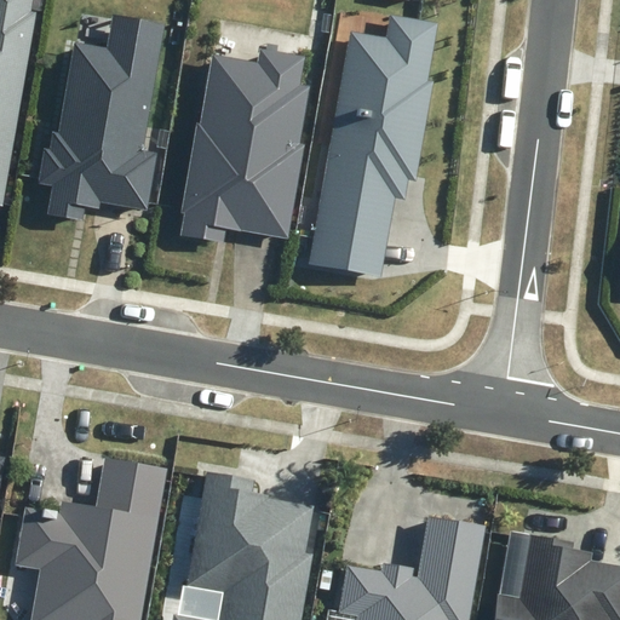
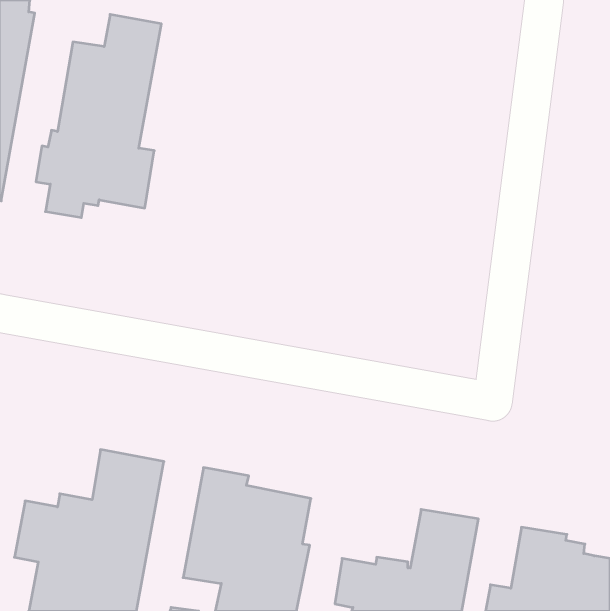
building: [309,15,436,276] -> none
building: [180,48,309,242] -> none

